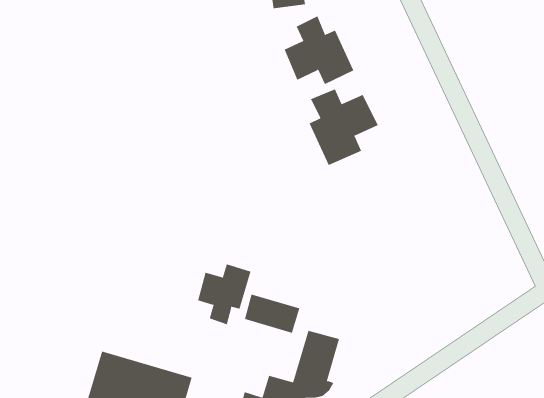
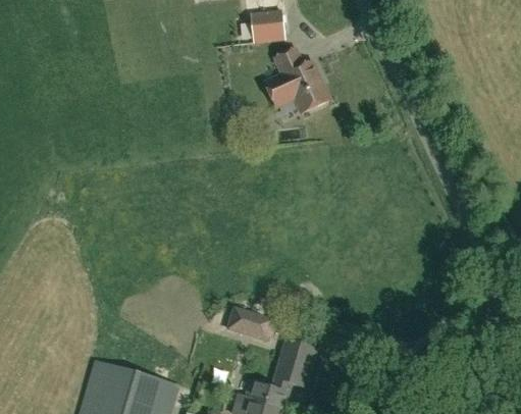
building: [309,88,378,166] -> none
building: [198,263,251,325] -> none

